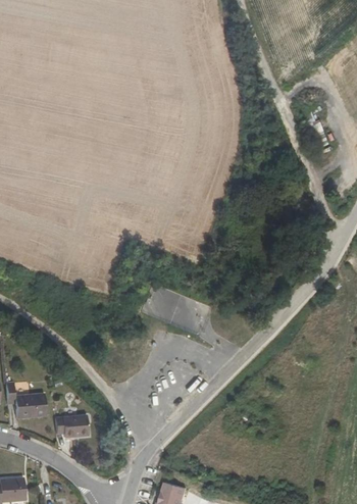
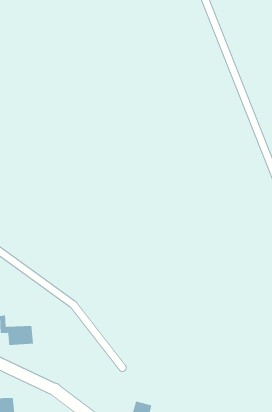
building: [54,415,88,438] -> none

